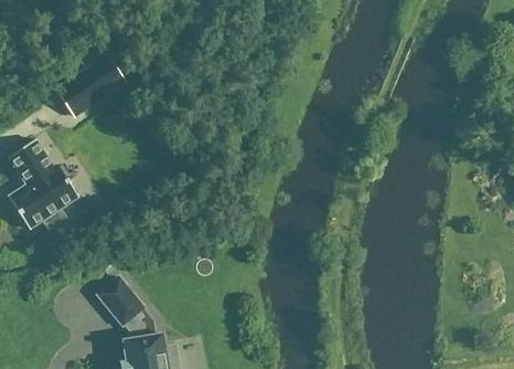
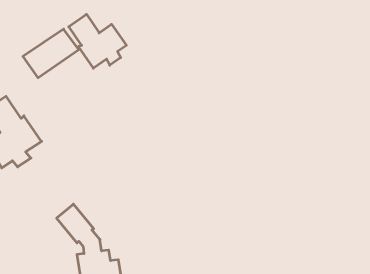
building: none -> [69,14,126,68]

